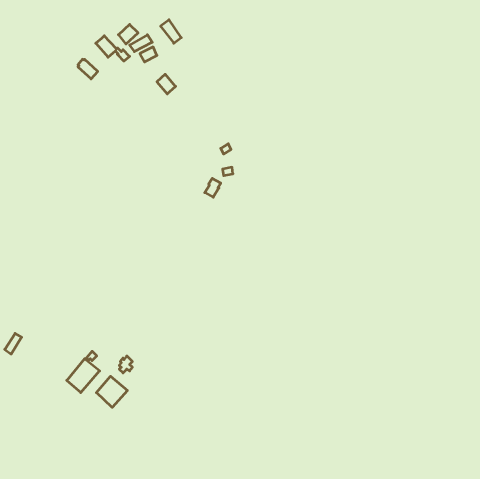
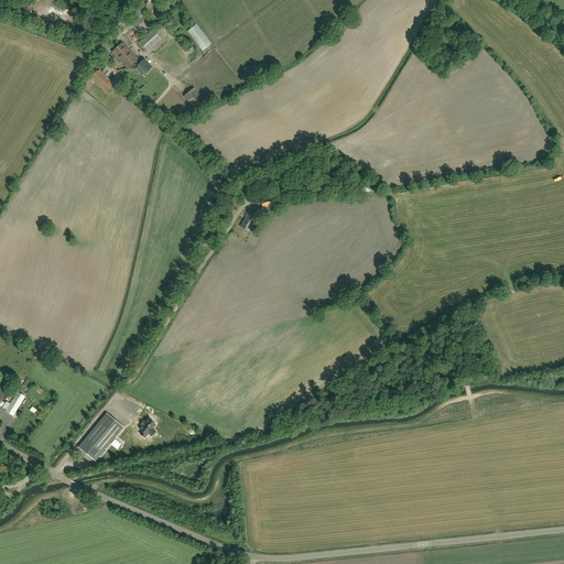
building: [96,376,127,407] -> none

